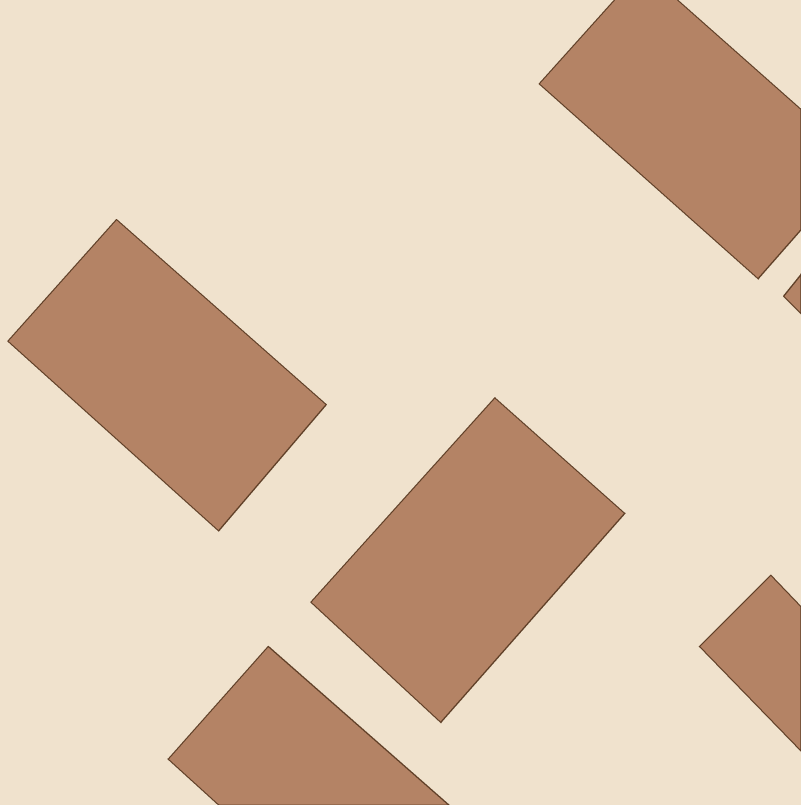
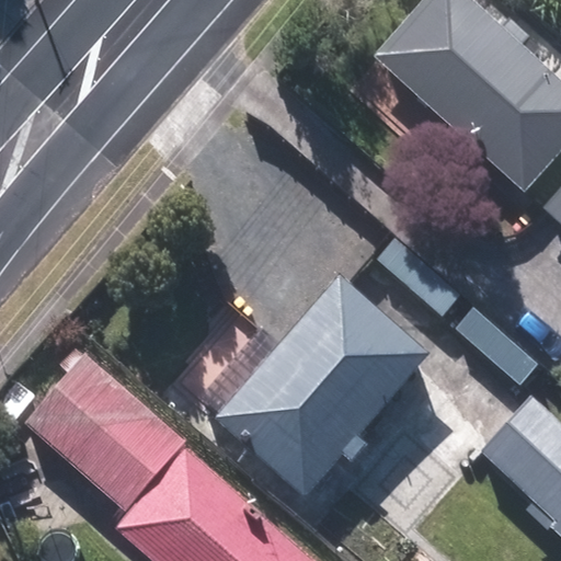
building: [8,220,326,531] -> none
building: none -> [25,353,188,511]

